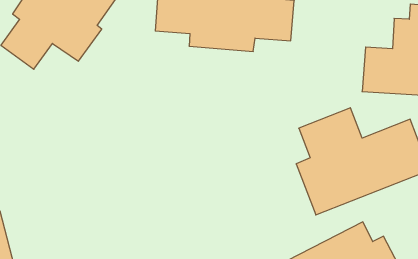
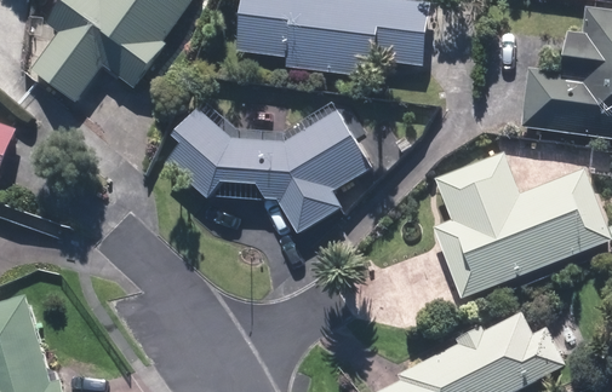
building: none -> [161,109,365,234]

